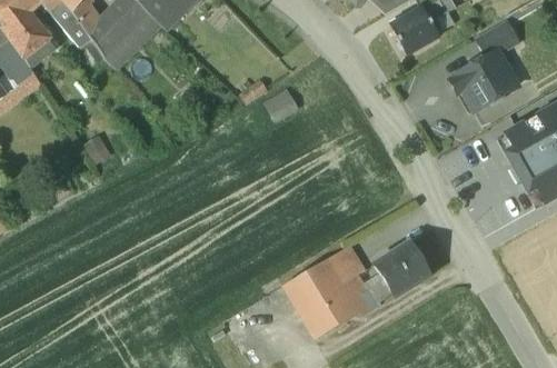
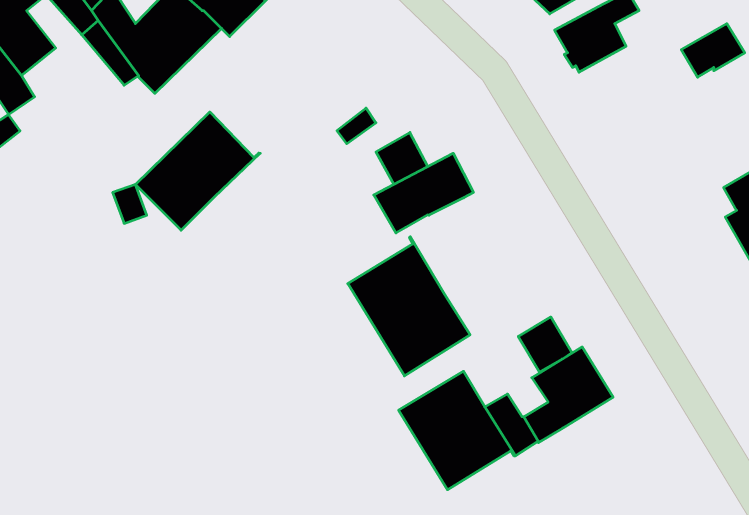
building: [450,50,517,109] -> none
building: none -> [135,112,260,230]
building: none -> [374,153,473,233]
building: none -> [348,237,470,376]
building: [327,245,364,282] -> [518,317,572,372]

